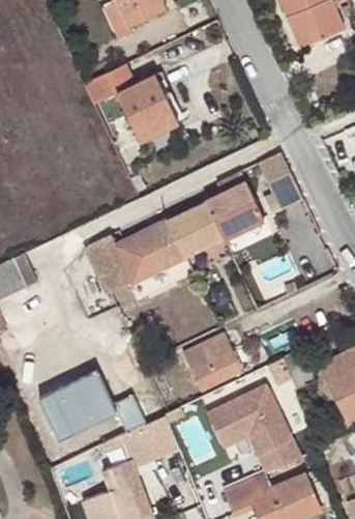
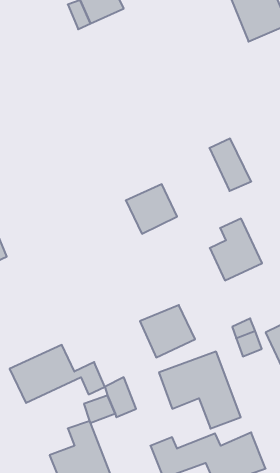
building: [85,62,179,142] -> none
building: [207,170,264,237] -> [210,219,262,280]
building: [89,220,185,291] -> none

